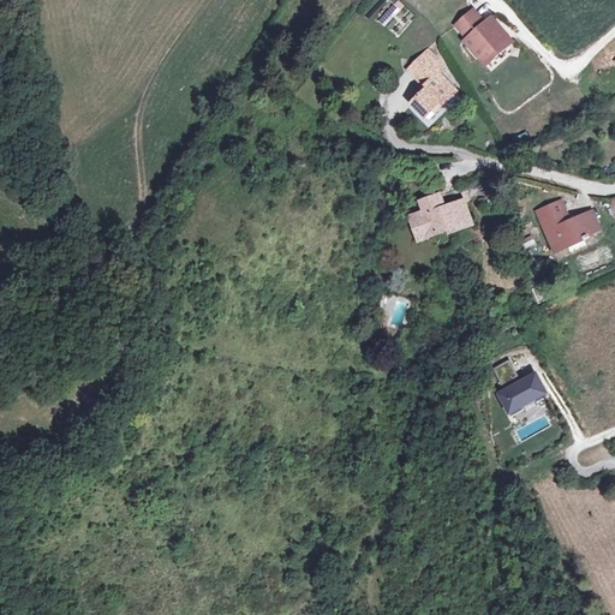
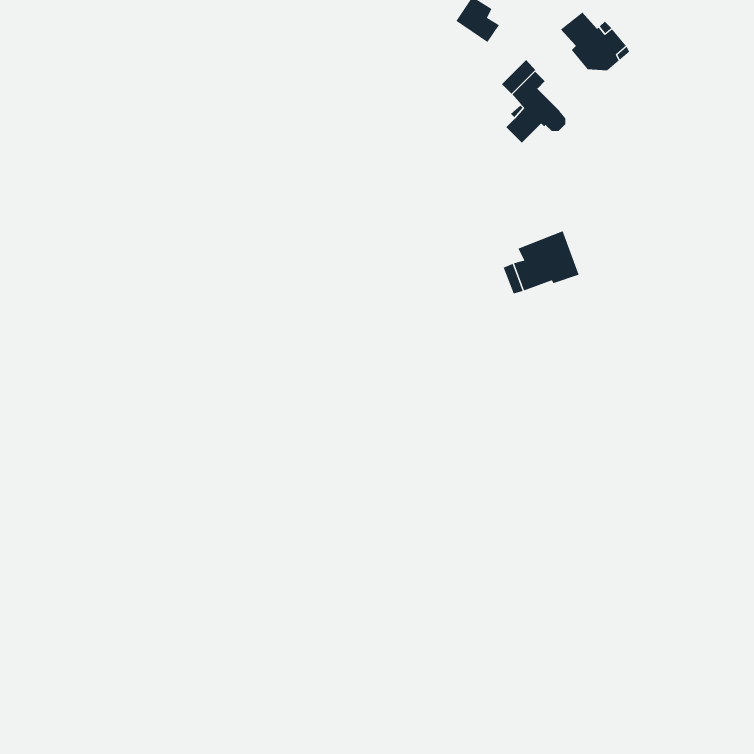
building: [537,201,599,251] -> none
building: [491,359,547,416] -> none

